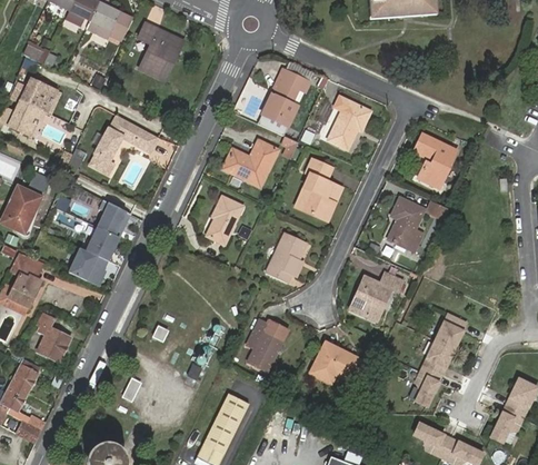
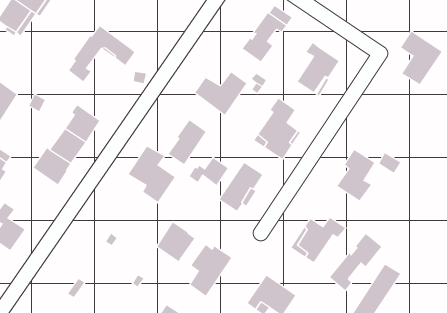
building: [411,136,456,190] -> [400,31,442,85]
building: none -> [128,146,175,203]
building: none -> [189,157,229,186]
building: none -> [329,233,382,291]
building: none -> [156,221,195,262]

